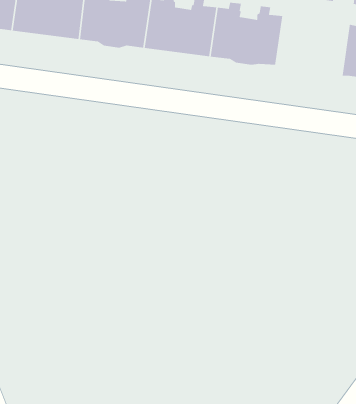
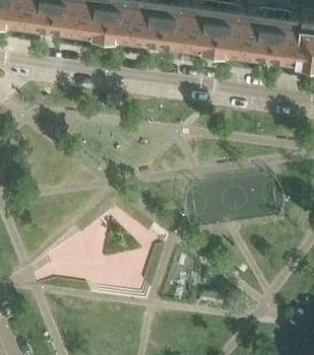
building: none -> [239,12,300,66]

